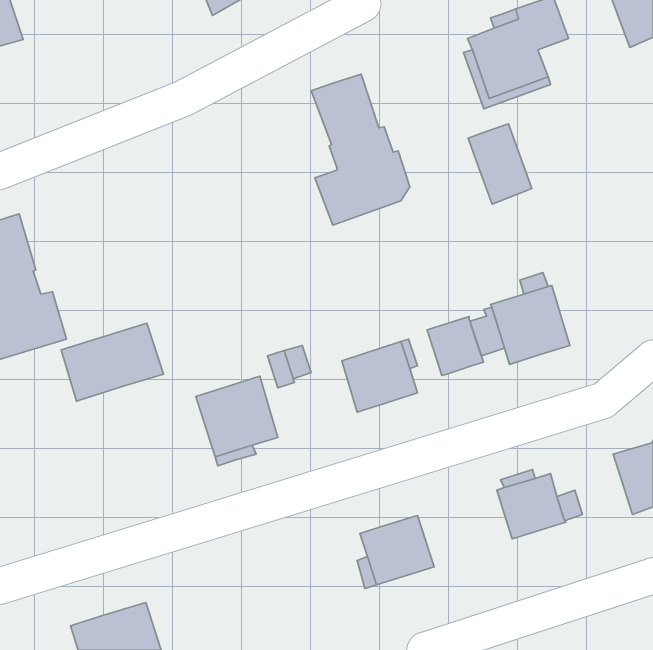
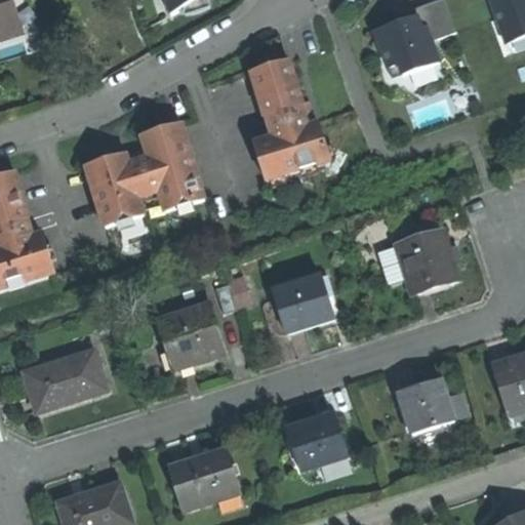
building: [468,124,532,204] -> none
building: none -> [87,123,206,226]
building: [427,316,484,376] -> none
building: [61,323,164,401] -> [24,349,106,411]
building: none -> [168,448,239,509]

